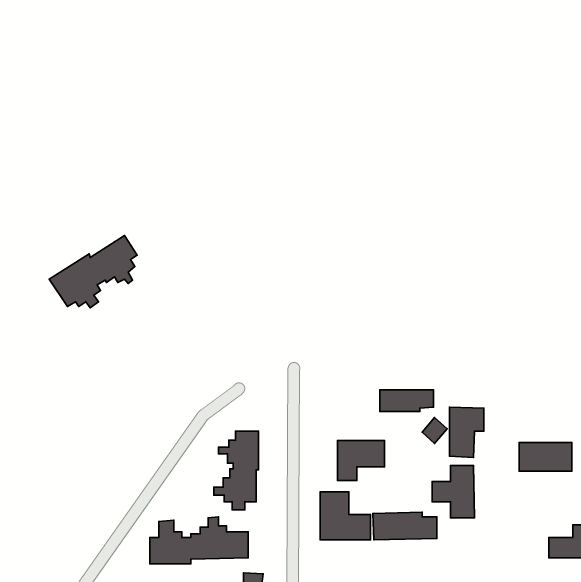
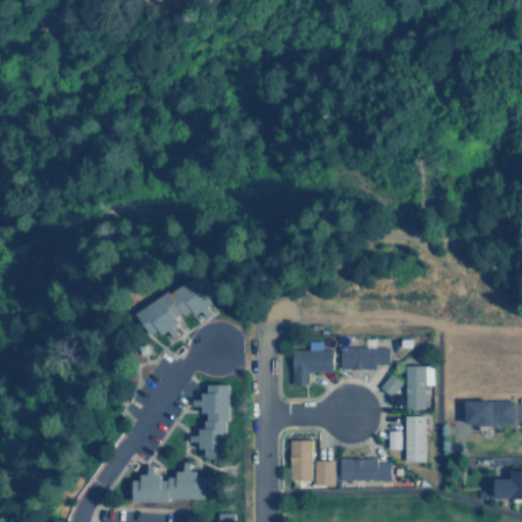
building: [49,236,137,308] -> [140,275,218,340]
building: [338,440,384,480] -> [293,350,334,385]

